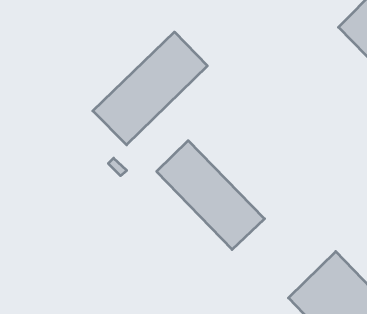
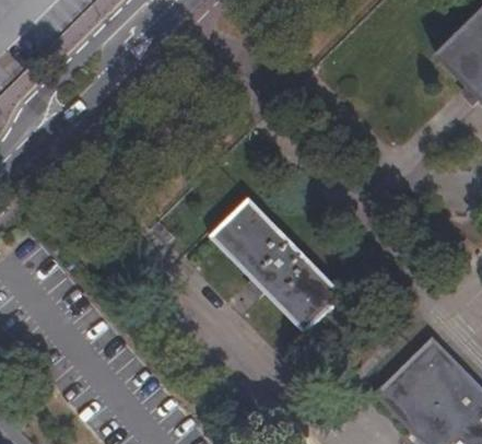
building: [93,32,207,145] -> none

